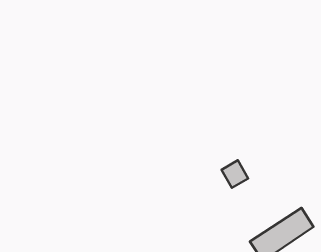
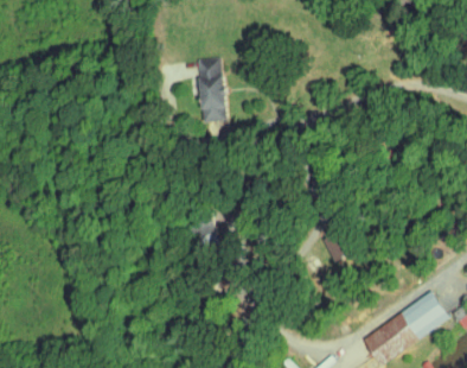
building: none -> [196,57,226,122]

